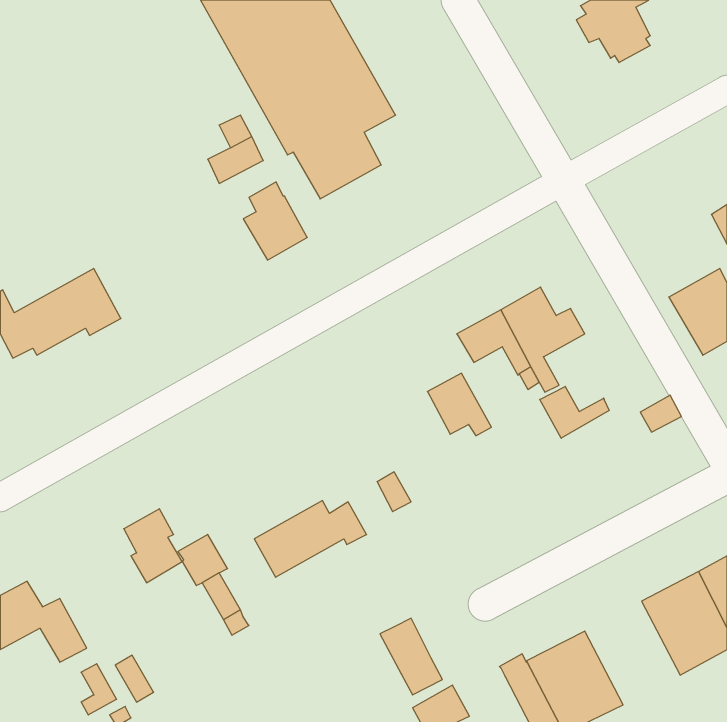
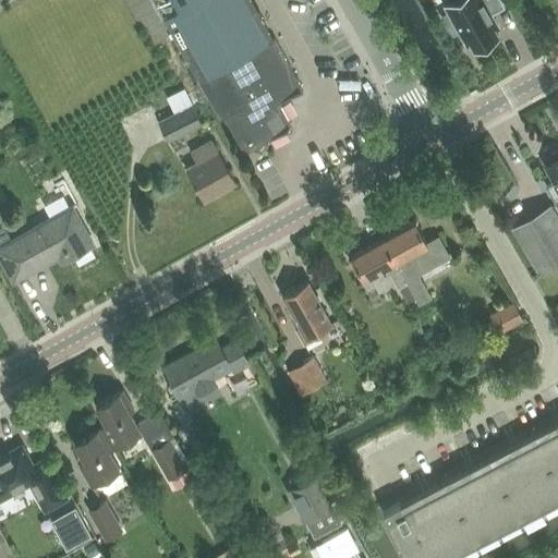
building: [427,373,491,436] -> [281,283,330,331]
building: [540,386,609,438] -> none
building: [254,501,367,577] -> [162,340,248,399]
building: none -> [73,429,118,487]
building: none -> [448,464,521,544]

